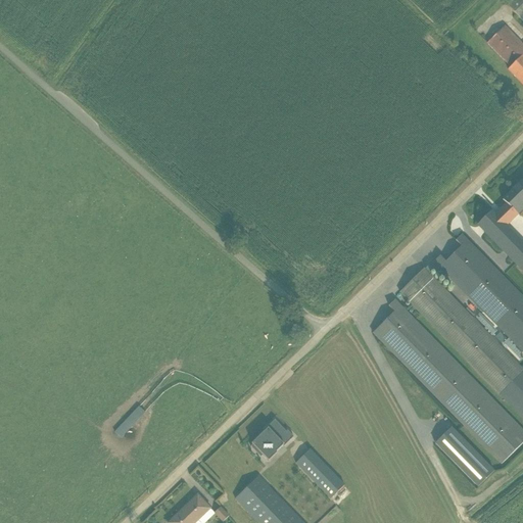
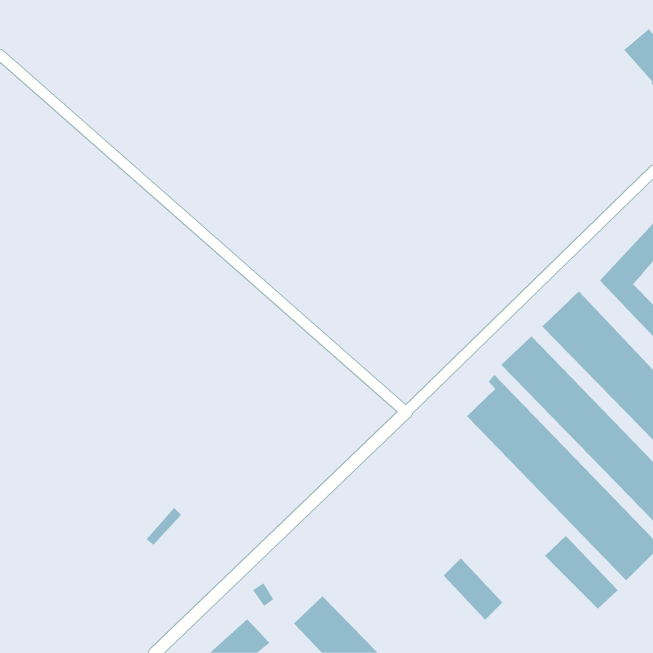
building: [248,418,293,460] -> none
building: [296,448,344,498] -> [443,558,503,620]

